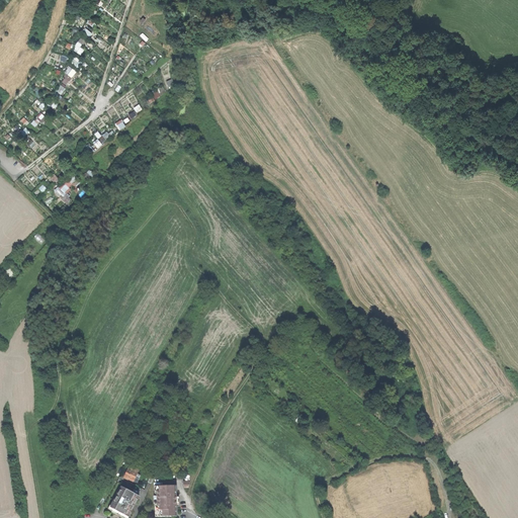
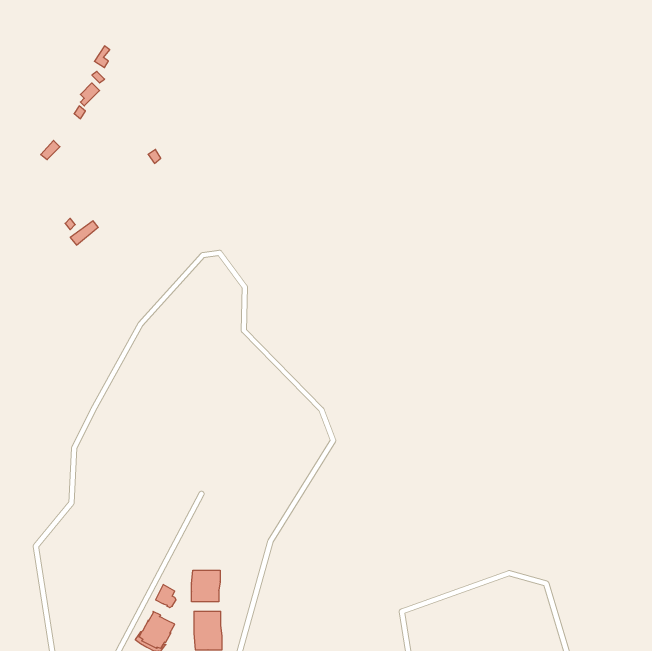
building: none -> [192,570,220,602]

